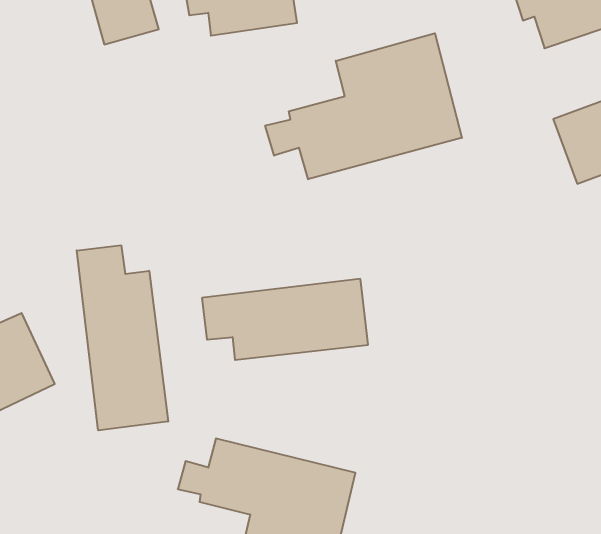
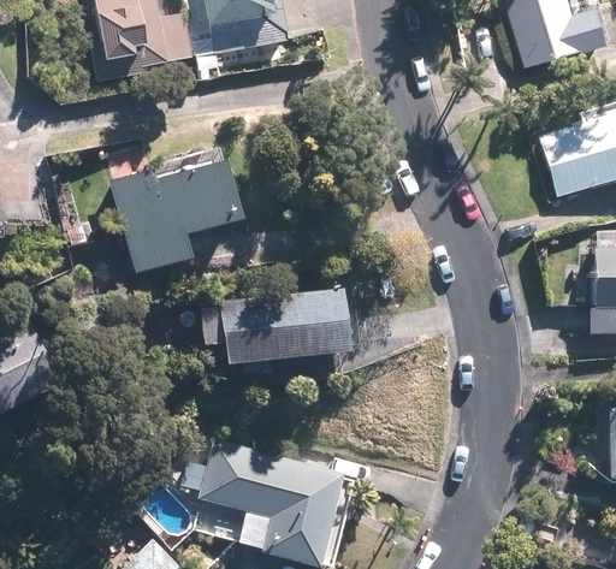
building: [265,33,462,179] -> none
building: none -> [111,147,254,274]
building: [77,245,168,430] -> none

